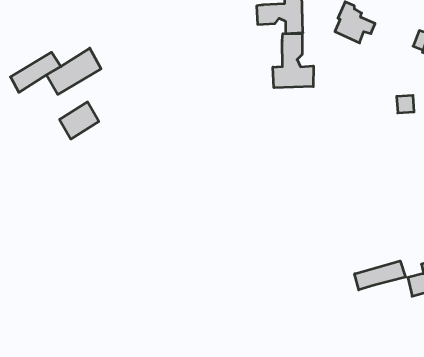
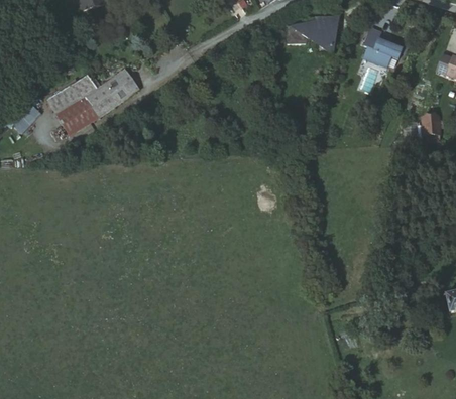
building: [273,34,313,88] -> none
building: [60,102,99,139] -> [56,97,95,133]
building: [355,261,406,290] -> none

